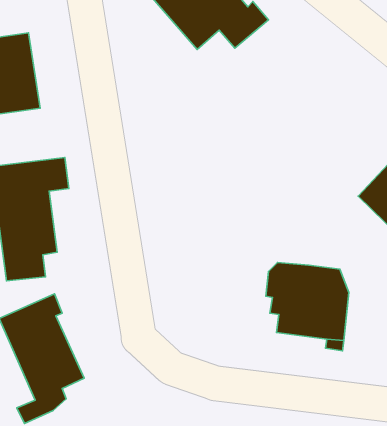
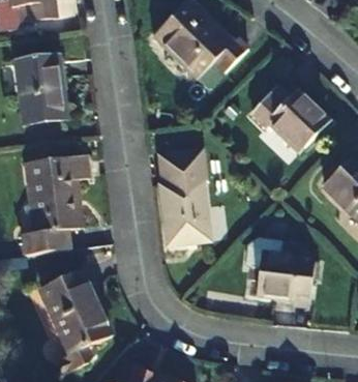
building: none -> [253,93,328,157]
building: none -> [157,150,210,247]

